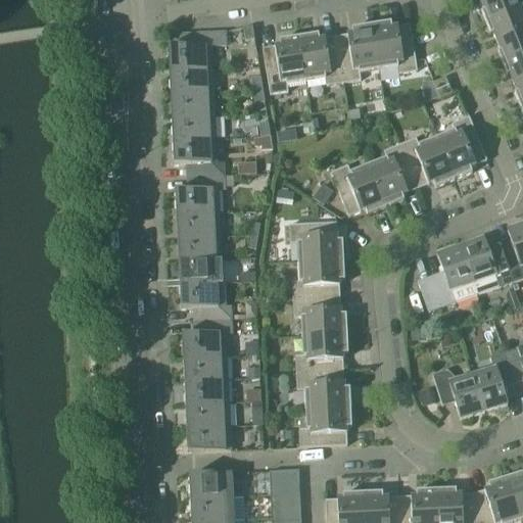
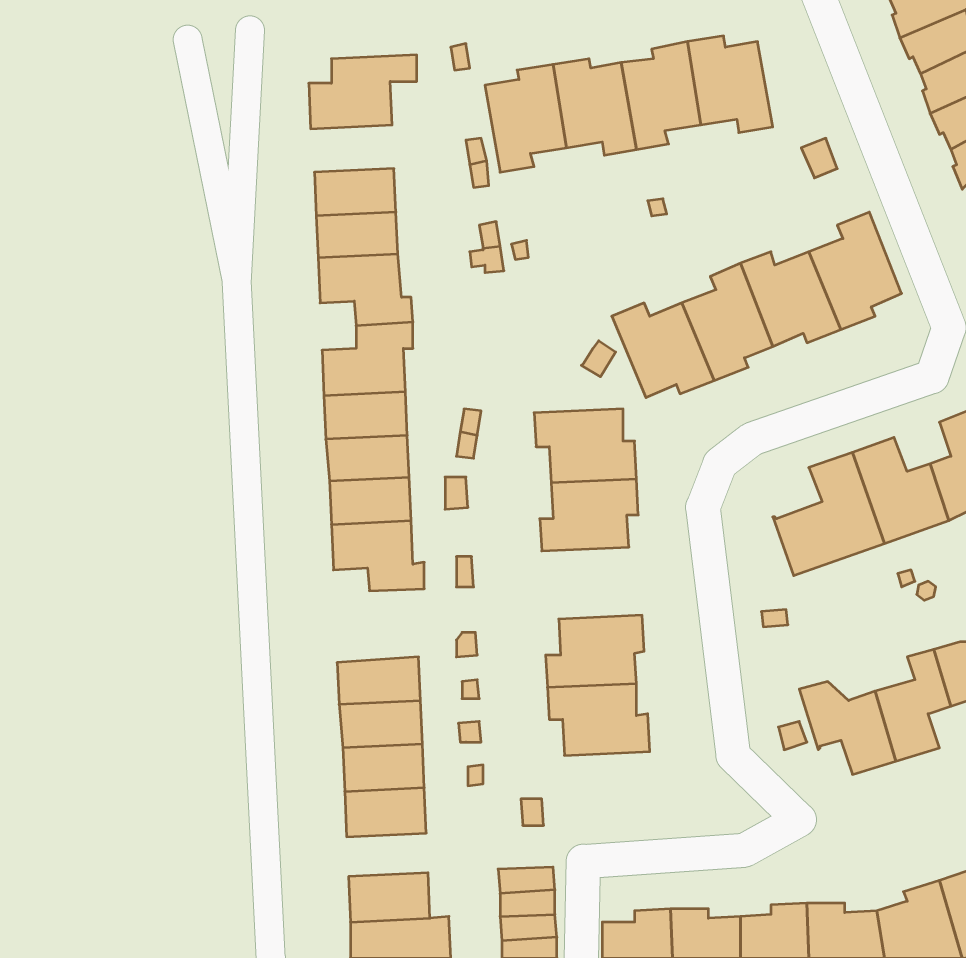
building: [169,67,213,93] -> none
building: [293,295,347,334] -> none
building: [182,318,231,358] -> none
building: [299,406,352,445] -> none

